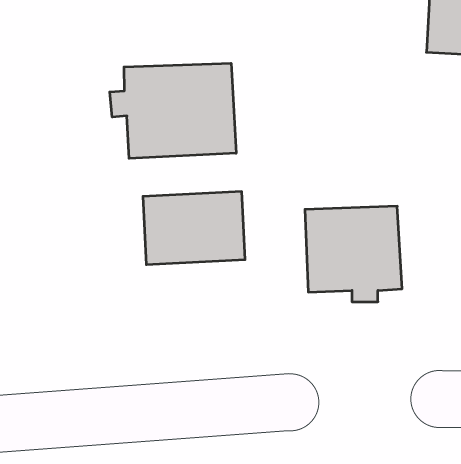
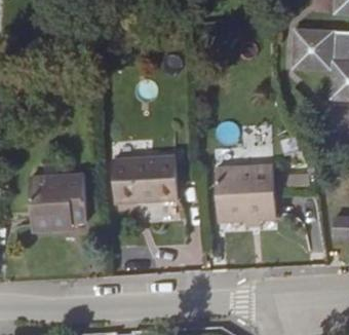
building: [110,63,236,158] -> none
building: none -> [30,174,88,230]

